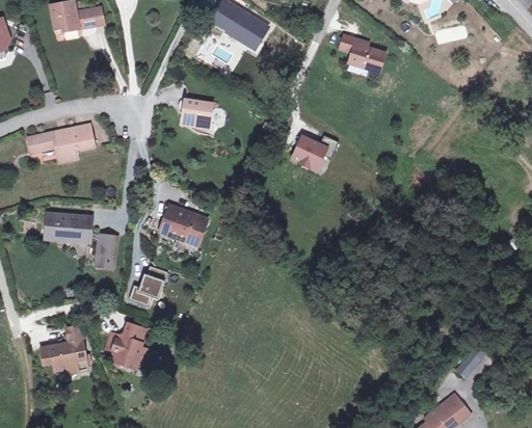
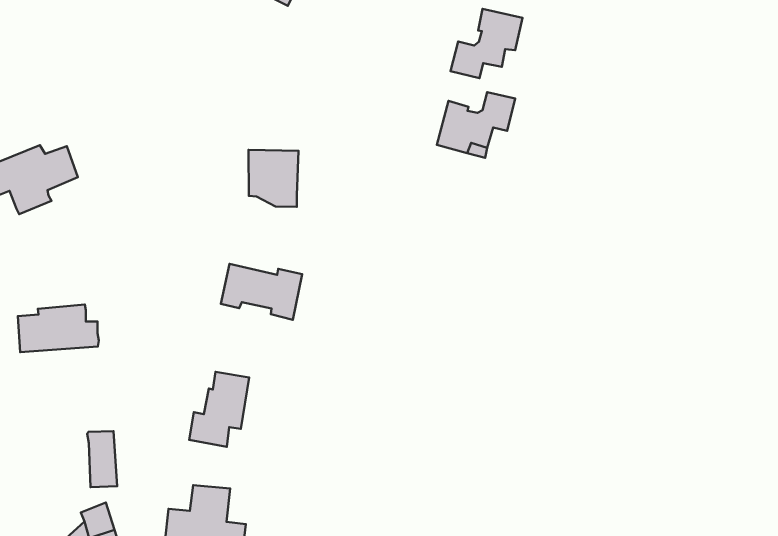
building: none -> [451,9,522,78]
building: [182,99,213,134] -> [248,150,299,207]
building: [97,233,114,265] -> [87,431,117,487]

